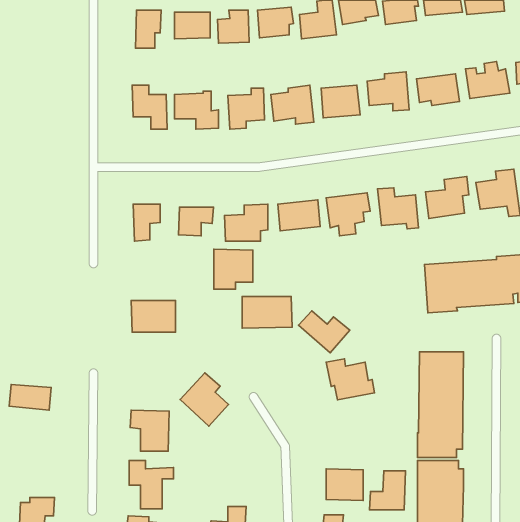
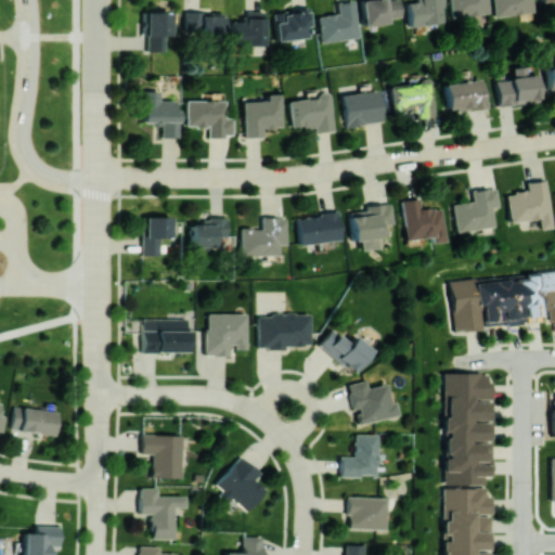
building: [214,249,253,289] -> [208,314,249,357]
building: [180,373,228,426] -> [217,457,268,514]
building: [369,471,405,510] -> [341,436,379,477]

